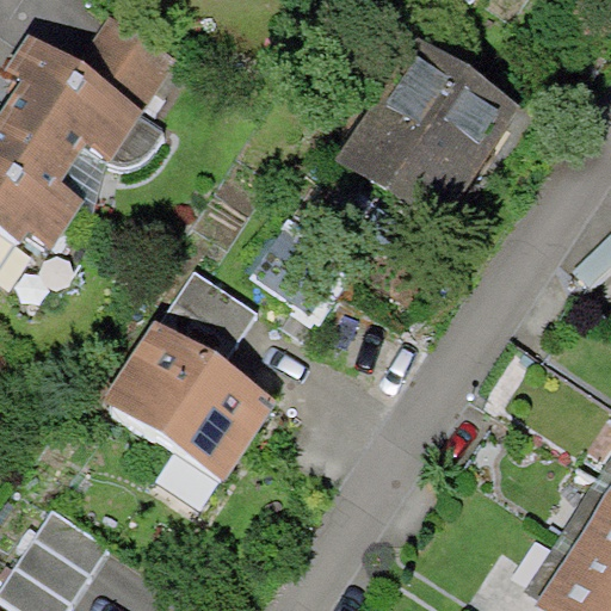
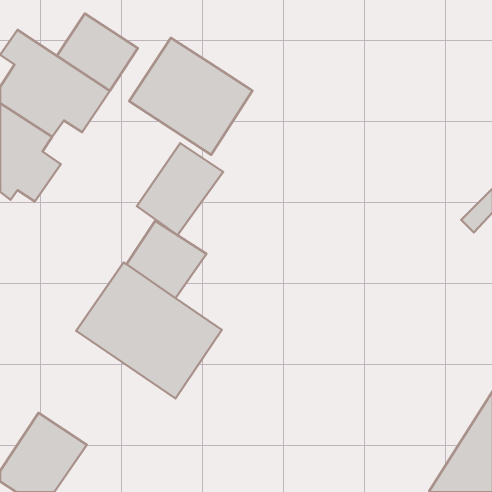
building: [337,38,518,224] -> none
building: none -> [129,38,252,155]
building: none -> [137,143,223,235]

